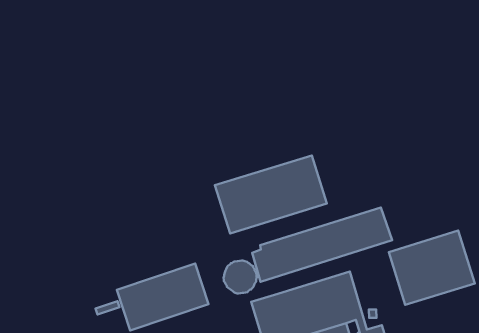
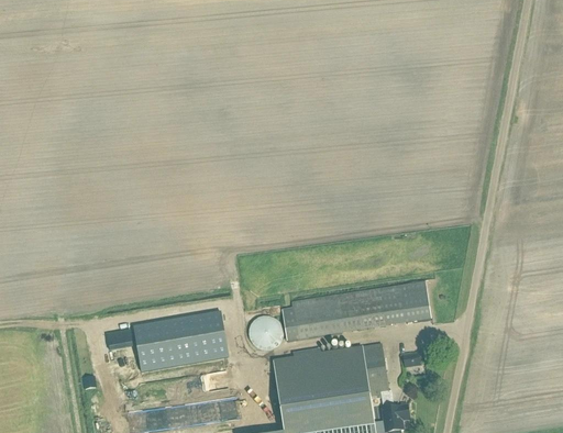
building: [215,155,327,233] -> none
building: [389,231,475,305] -> none

